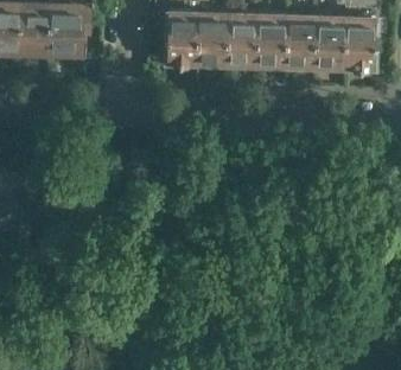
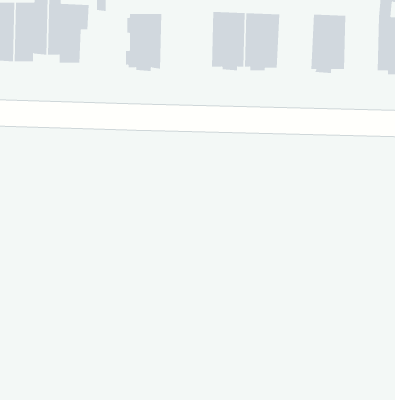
building: [165,15,198,68] -> [125,13,162,72]
building: [256,18,288,70] -> none
building: [317,19,346,71] -> none

